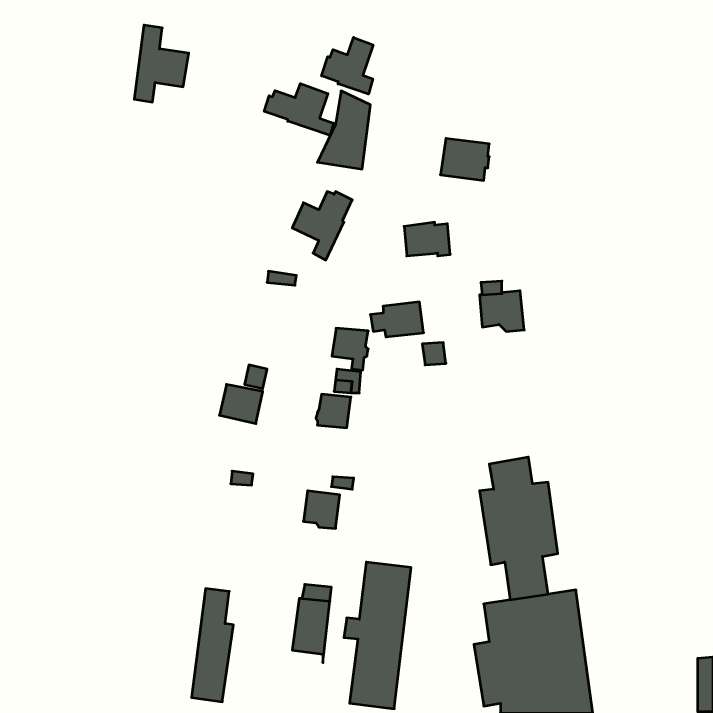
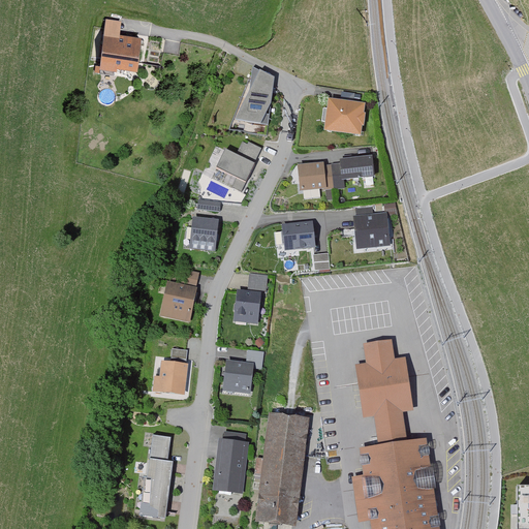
building: [322,37,373,94] -> none
building: [264,84,333,135] -> none
building: none -> [331,156,372,188]
building: [332,328,368,370] -> [190,219,217,250]
building: none -> [159,363,185,393]

